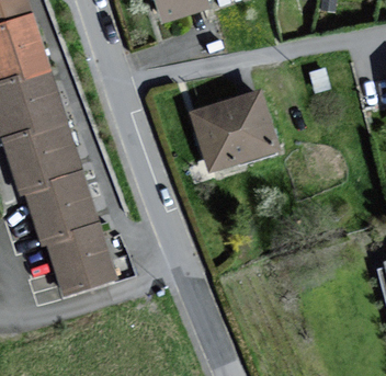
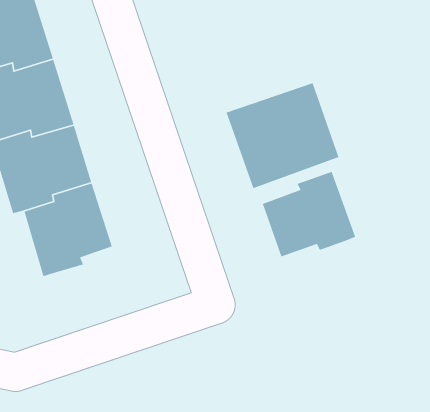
building: none -> [262,171,356,257]
building: [48,221,115,295] -> none

